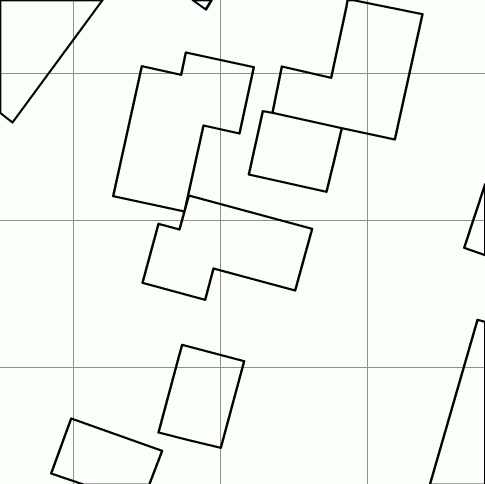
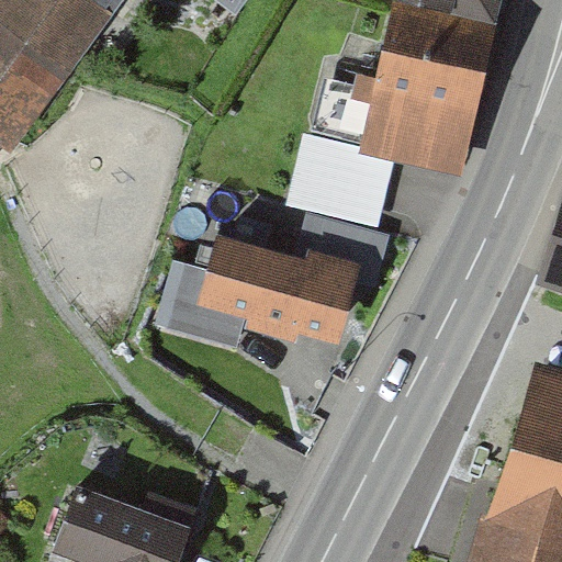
building: [113,53,254,211] -> none
building: [158,345,244,448] -> none

